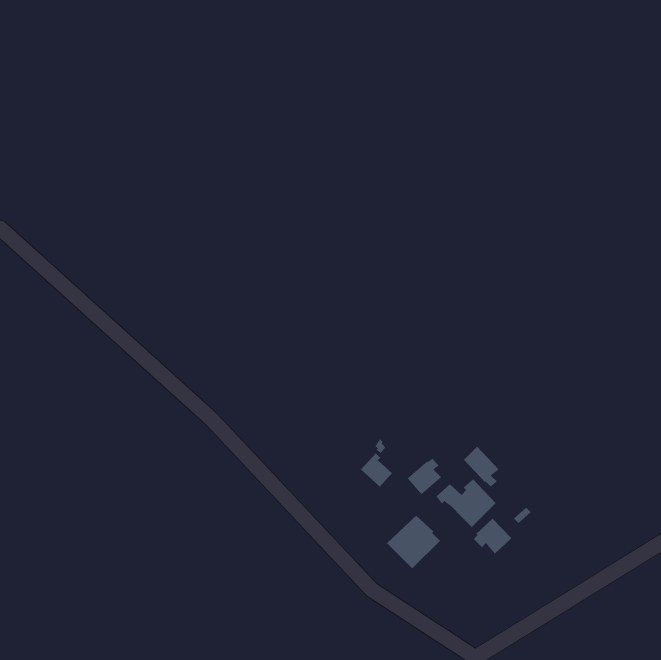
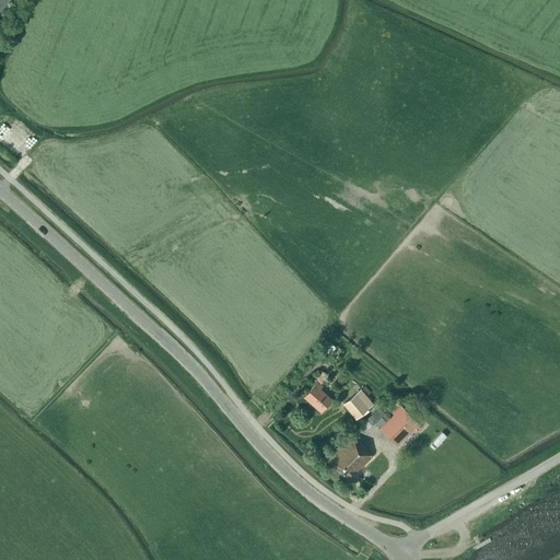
building: [463,446,500,488] -> none
building: [473,518,512,555] -> none

